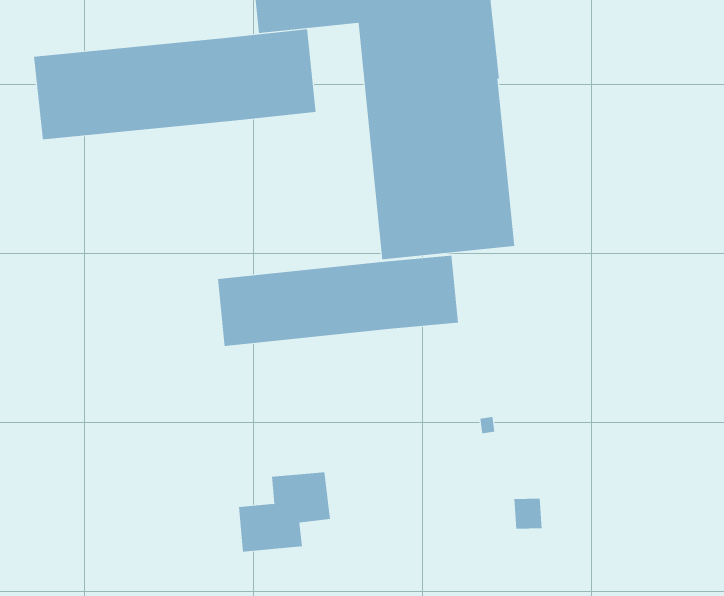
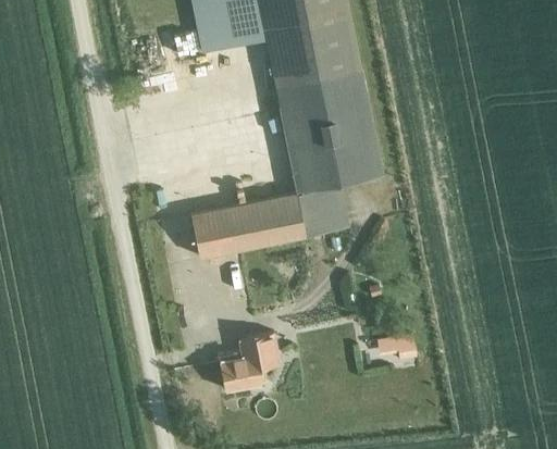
building: [34,28,316,140] -> none

